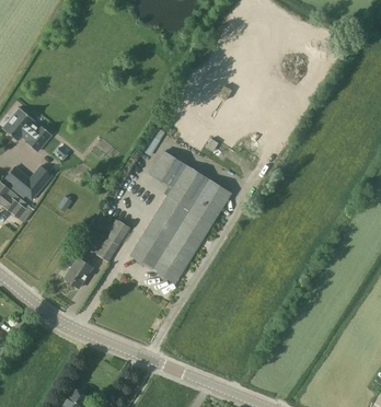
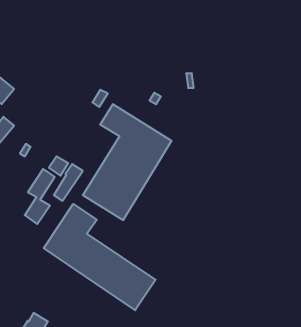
building: none -> [44,204,156,310]

